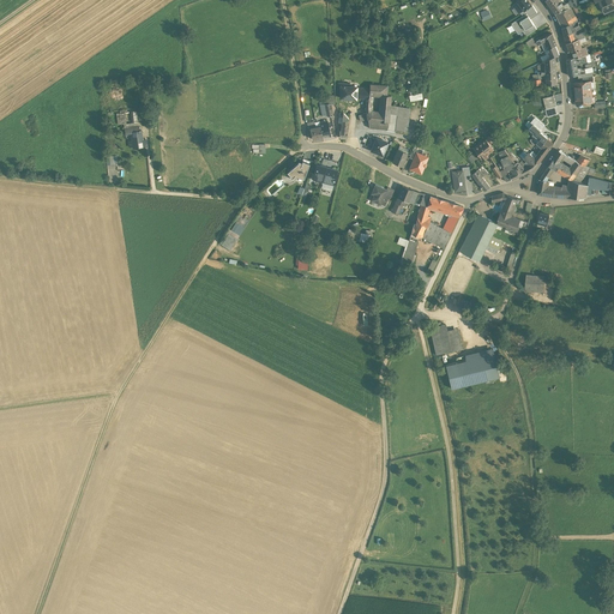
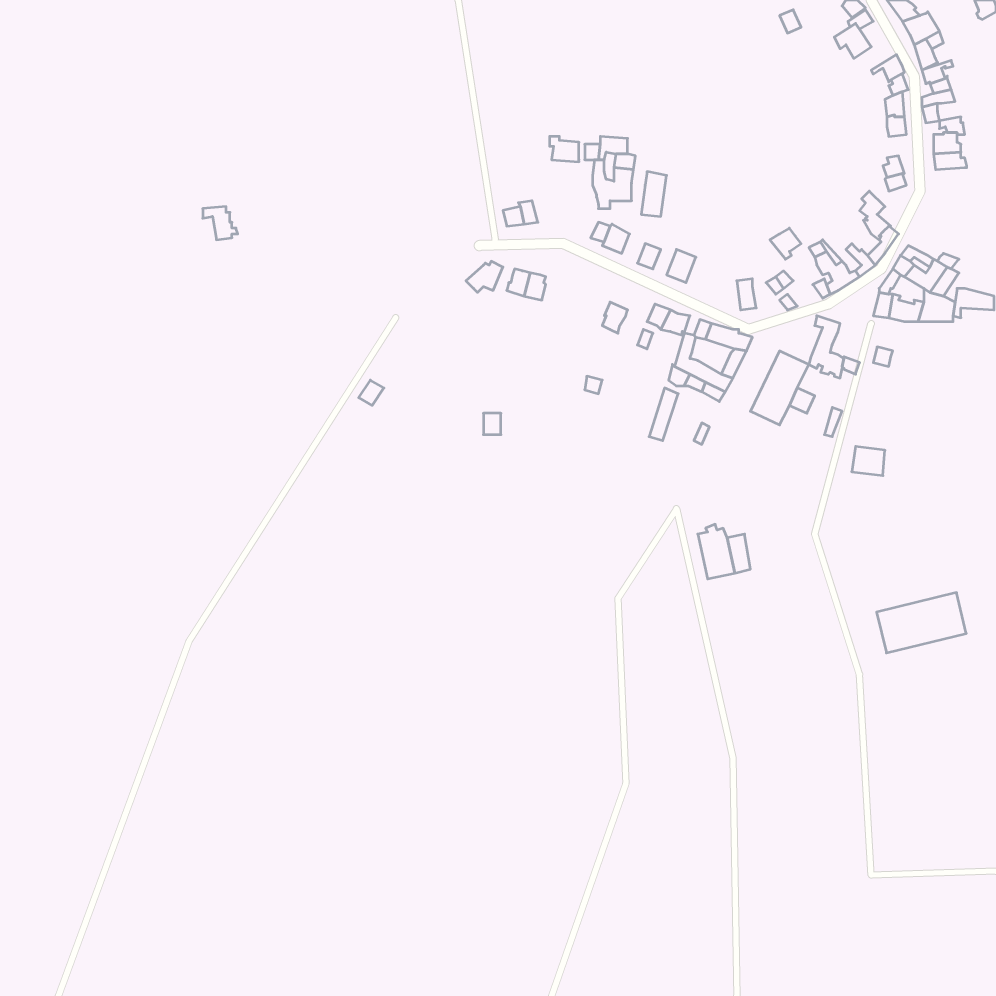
building: [445,354,500,391] -> [877,593,966,653]

